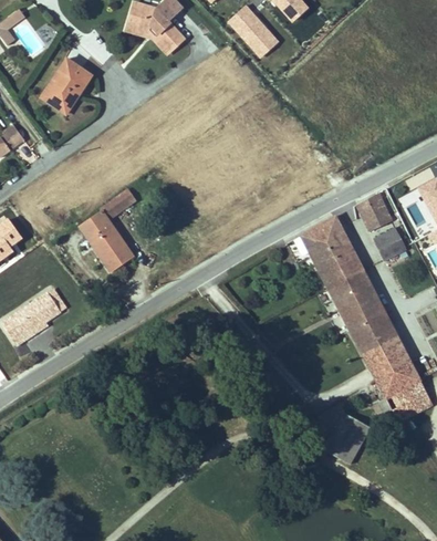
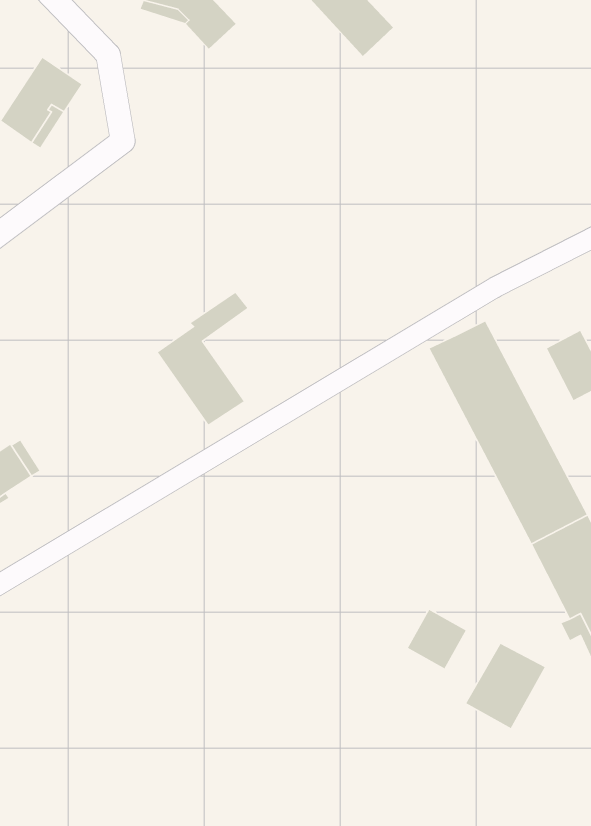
building: [80,189,135,270] -> [157,292,248,425]
building: [356,191,392,230] -> none
building: none -> [407,609,467,669]

